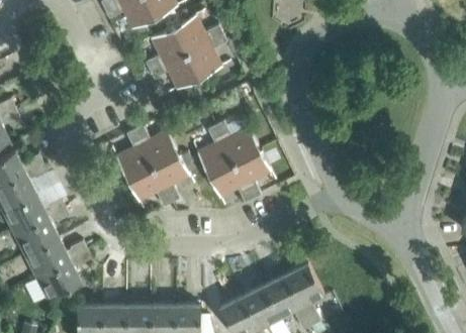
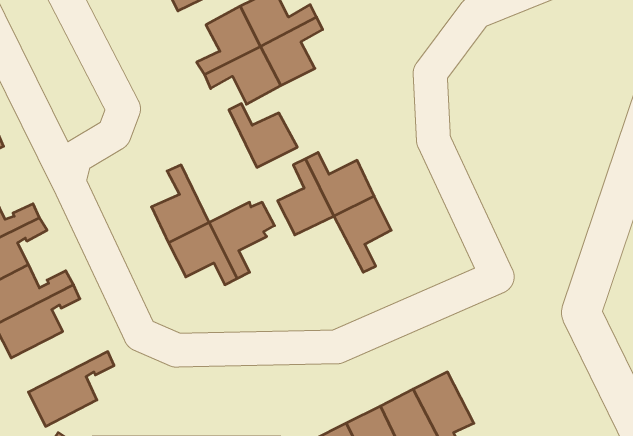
building: [134,126,179,168] -> [229,104,297,167]
building: [208,163,253,204] -> none
building: [24,238,87,278] -> none

